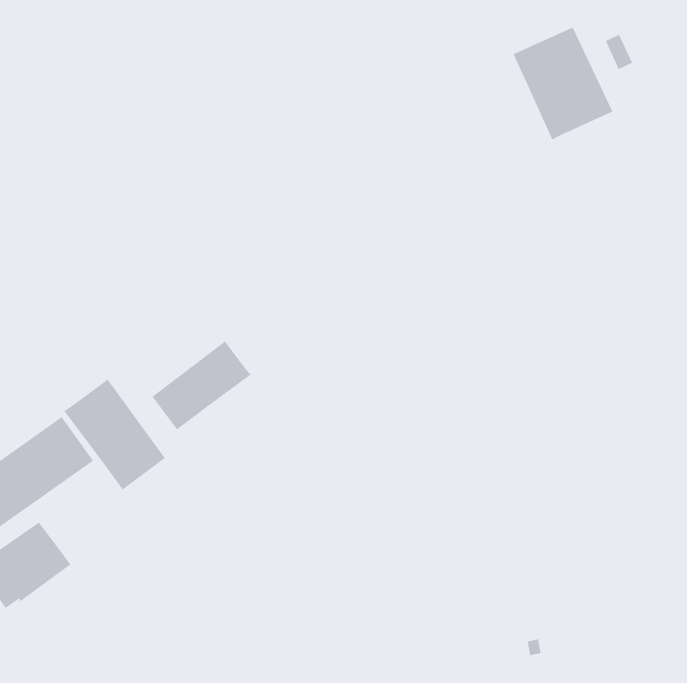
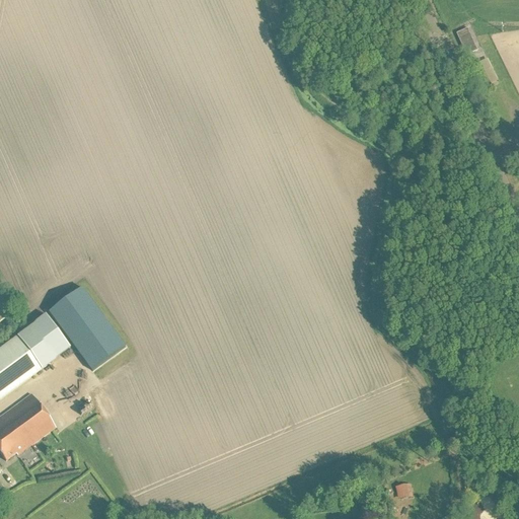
building: [512,27,613,141] -> none
building: [152,341,251,430] -> none

